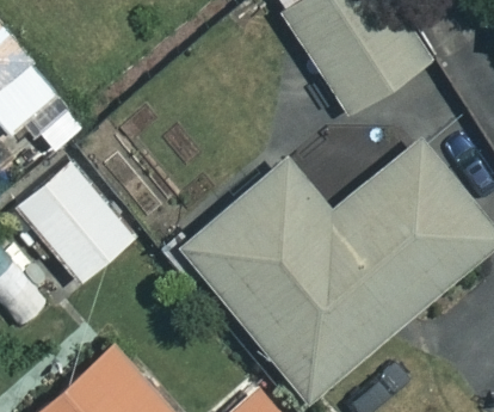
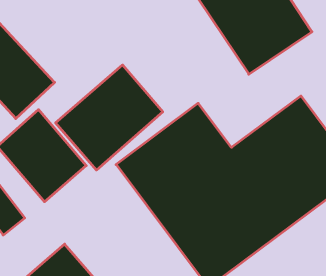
building: none -> [56,65,163,170]

